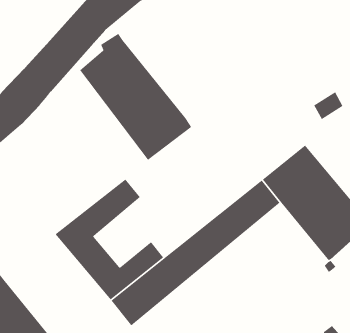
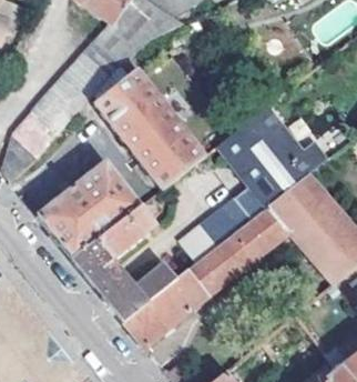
building: none -> [169,108,328,272]
building: none -> [35,162,139,259]

